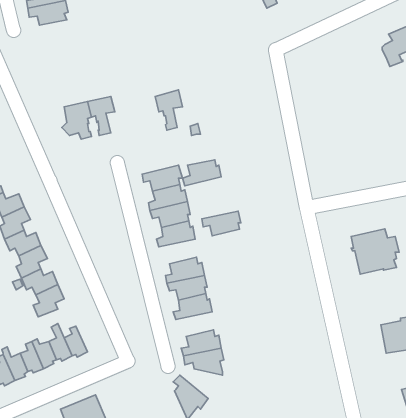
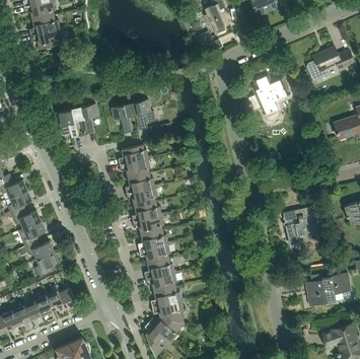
building: none -> [248,75,289,122]
building: none -> [111,104,133,134]
building: [182,160,221,186] -> [118,145,148,165]
building: [202,211,241,236] -> [133,216,163,235]
building: none -> [146,273,176,292]
building: none -> [149,317,183,341]

